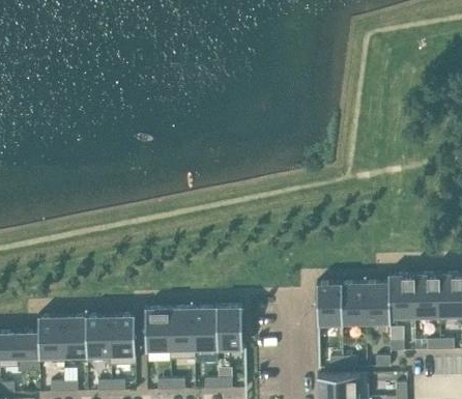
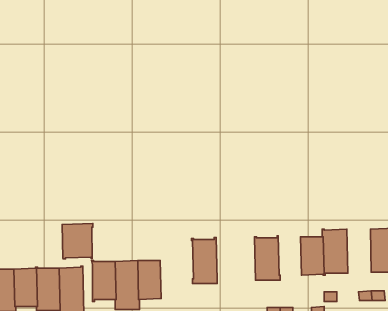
building: none -> [62,223,93,259]
building: [413,275,439,321] -> none
building: [341,282,366,323] -> none
building: [215,305,242,353] -> [191,238,217,284]

